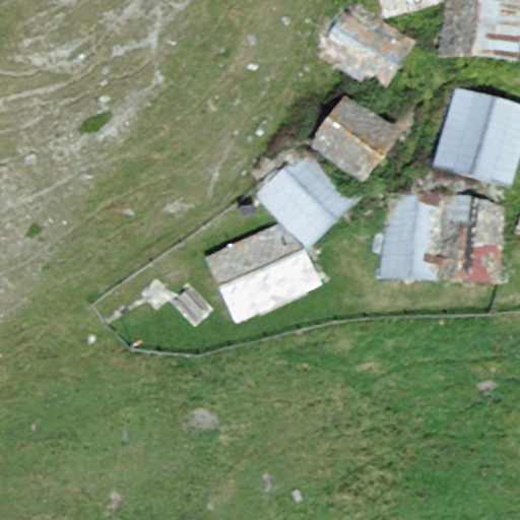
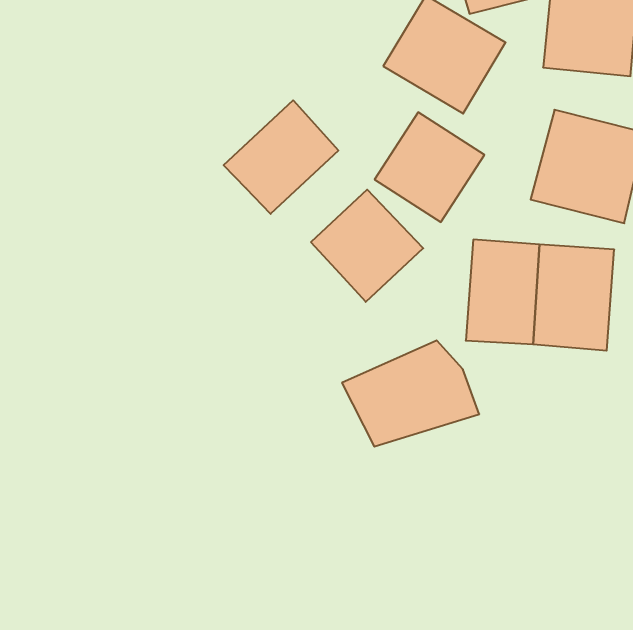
building: none -> [224,100,338,214]
building: [203,222,315,309] -> [342,340,479,447]

